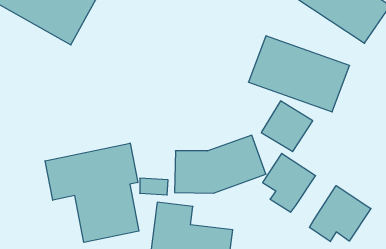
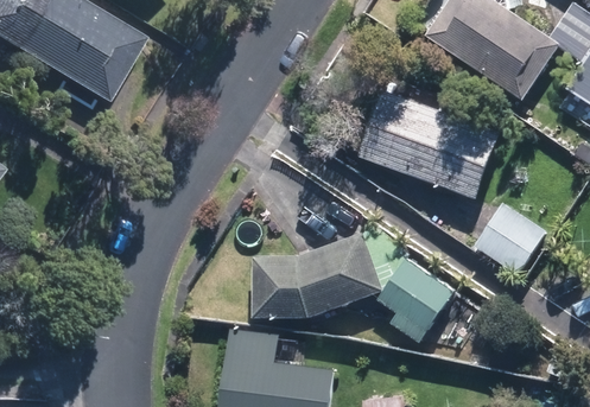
building: [261,101,313,152] -> [476,202,550,274]
building: [45,143,139,242] -> none
building: [309,186,371,242] -> none

